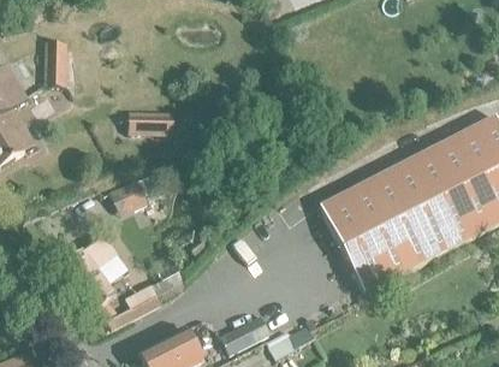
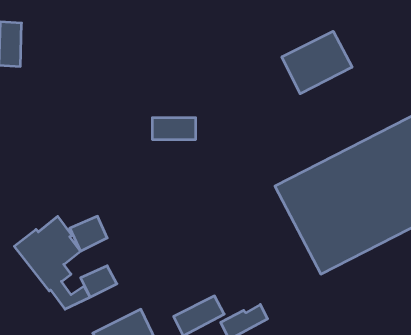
building: none -> [282,31,352,94]
building: [130,113,173,135] -> [152,118,196,139]
building: [109,179,147,214] -> [70,216,107,251]

